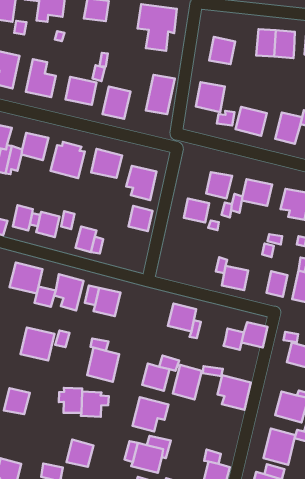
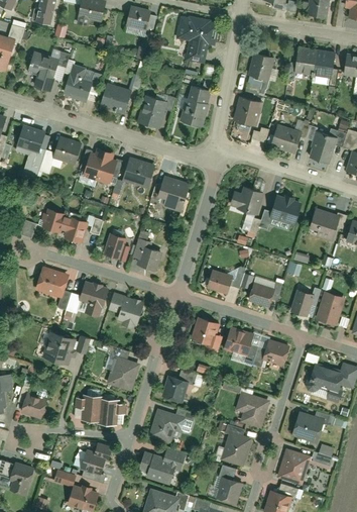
building: [184,198,209,223] -> [205,269,231,294]
building: [128,206,153,231] -> [136,245,161,272]
building: none -> [224,326,253,356]
building: [173,365,202,399] -> [221,430,251,466]

